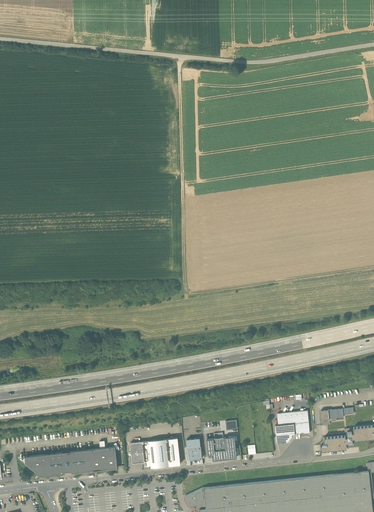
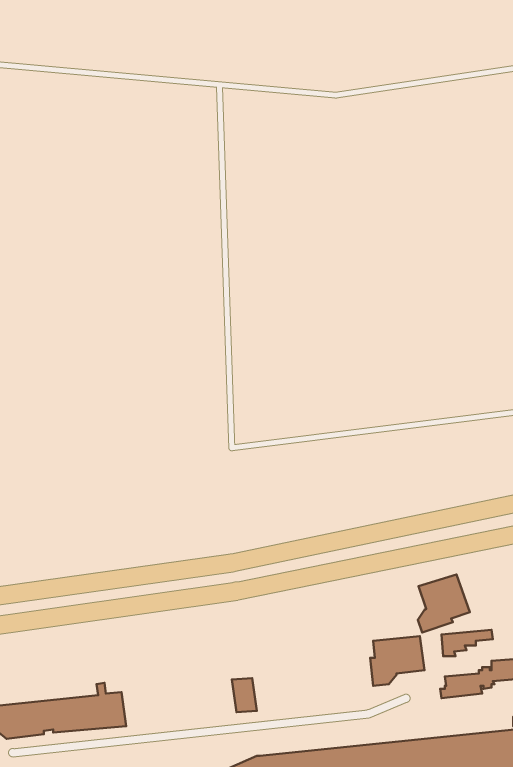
building: none -> [418,574,470,632]
building: [206,433,236,460] -> none
building: [131,437,180,467] -> none

